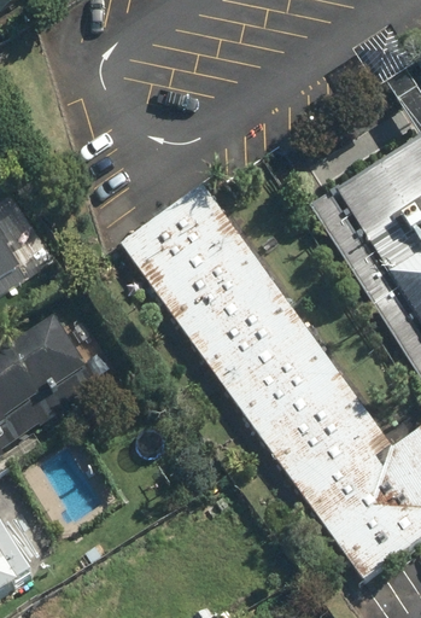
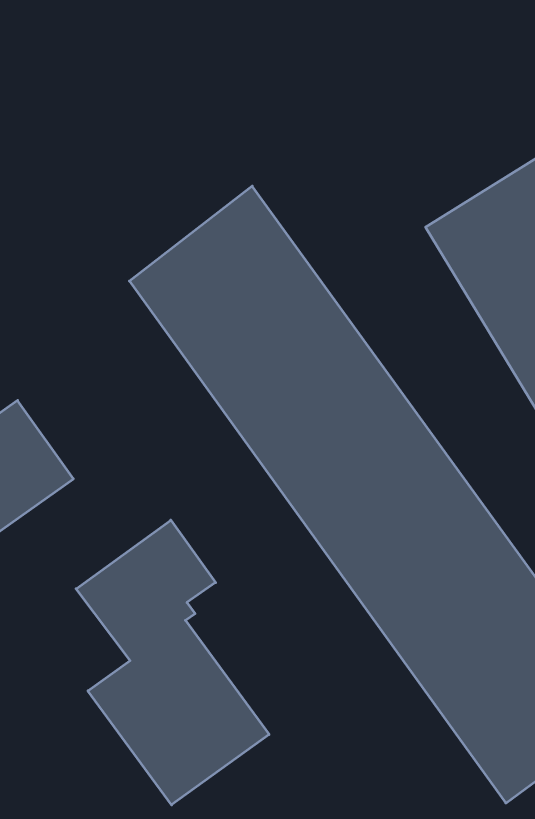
building: none -> [76,520,269,805]

